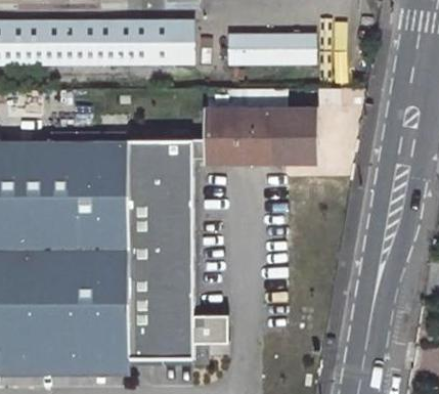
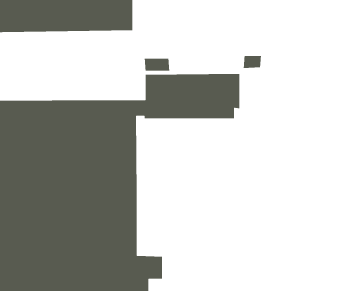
building: [229,38,315,62] -> none

